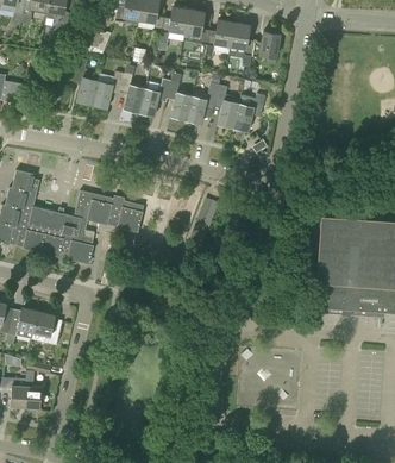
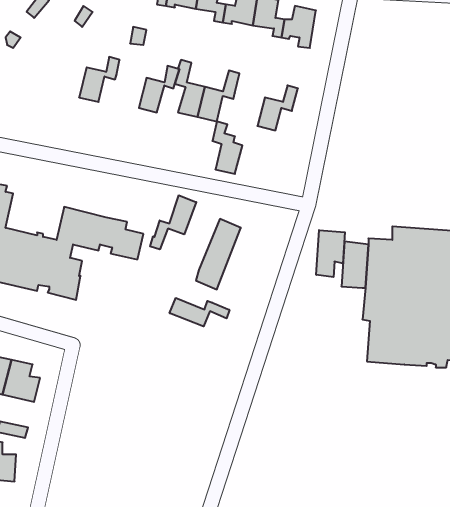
building: [74,58,98,104] -> none
building: [121,64,145,112] -> none
building: [215,85,239,126] -> [212,121,242,174]
building: none -> [150,195,196,249]
building: none -> [316,230,345,277]
building: none -> [170,298,229,326]

